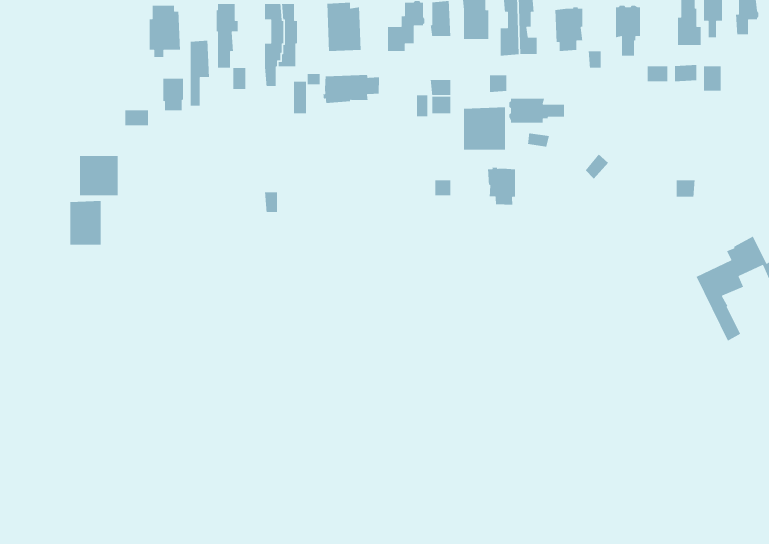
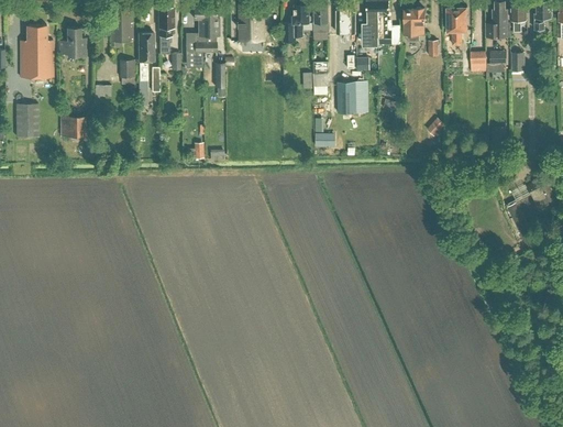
building: none -> [20,25,53,78]
building: none -> [59,28,86,57]
building: [323,74,380,104] -> none
building: [509,98,565,124] -> none
building: [487,167,516,205] -> none
building: [70,200,101,246] -> [15,103,38,136]

